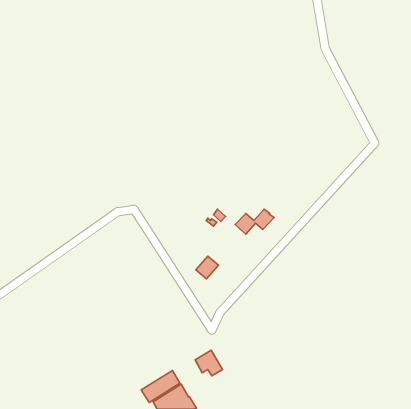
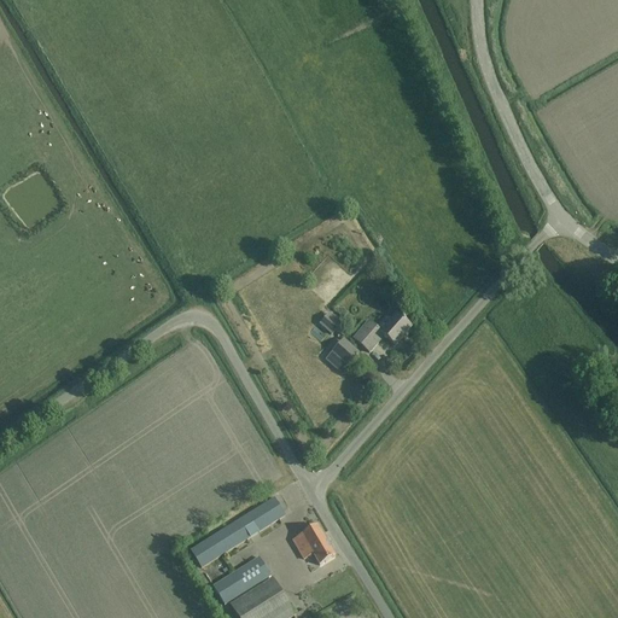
building: [196,256,218,279] -> [325,338,358,372]
building: none -> [188,496,284,566]

